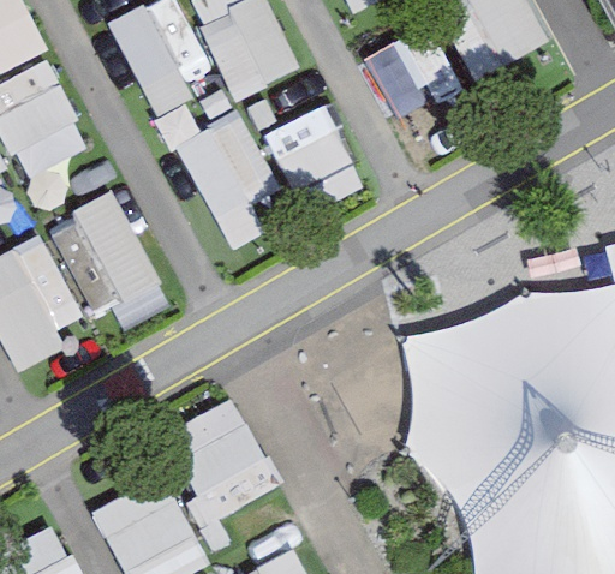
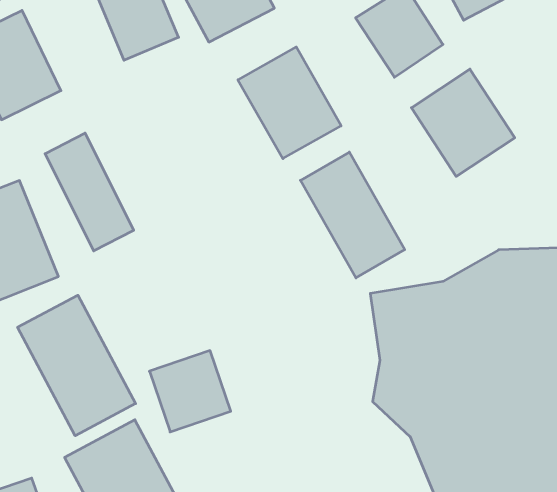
building: [177,113,263,250] -> none
building: none -> [411,69,515,176]
building: none -> [300,152,405,278]
building: none -> [18,295,136,436]

